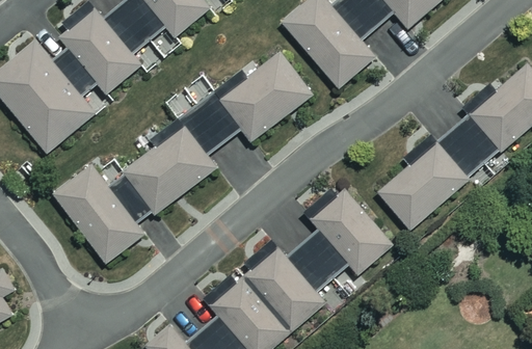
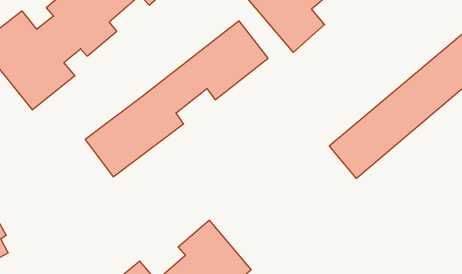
building: [54,166,142,264] -> none
building: [244,190,391,331] -> none

